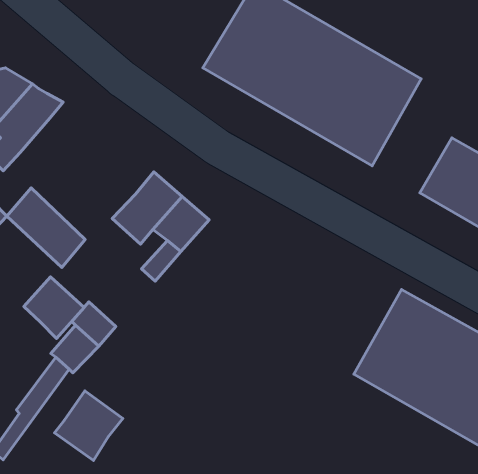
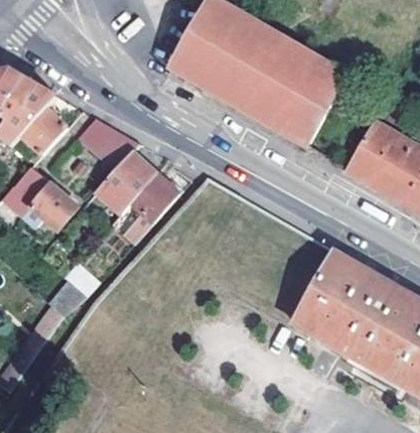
building: none -> [20,108,65,154]
building: none -> [75,118,137,170]
building: [24,277,84,338] -> none
building: [54,391,123,460] -> none

